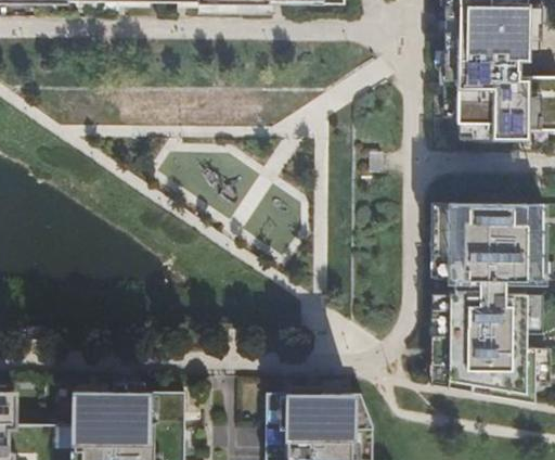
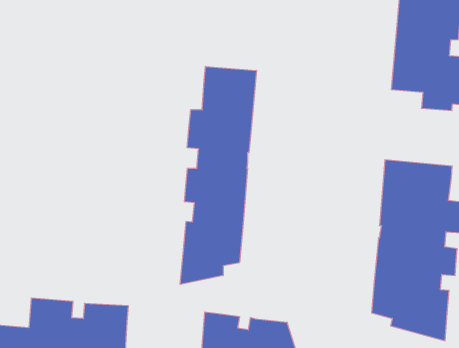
building: none -> [180,66,257,284]

